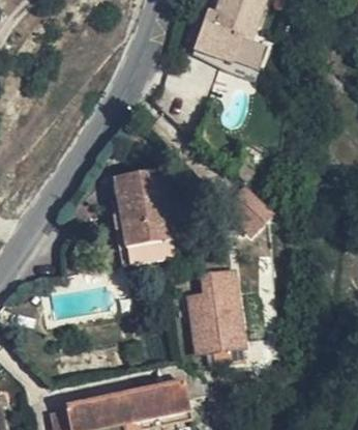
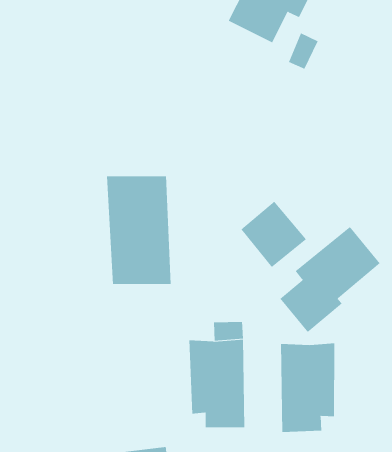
building: none -> [279,226,381,333]
building: none -> [280,342,335,433]

